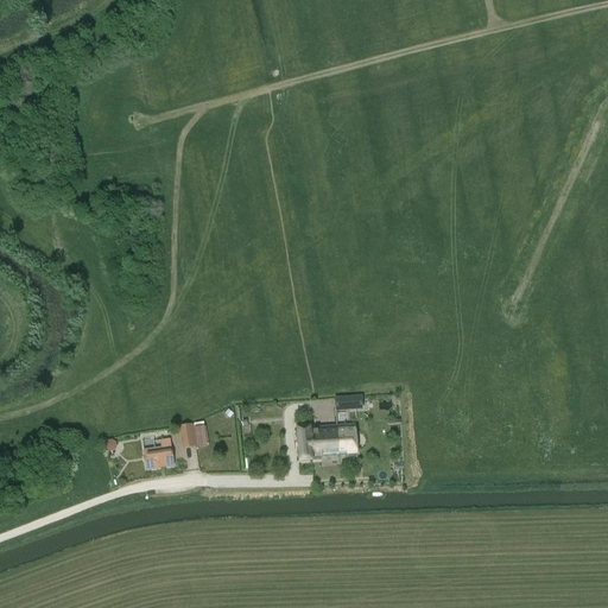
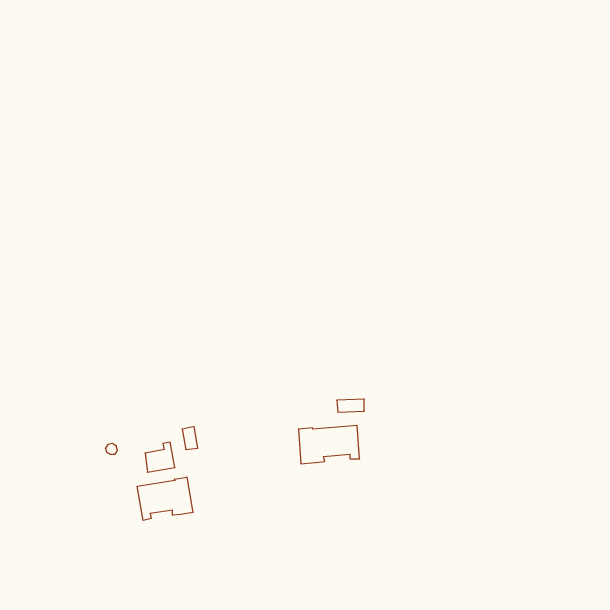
building: none -> [137,477,193,520]

